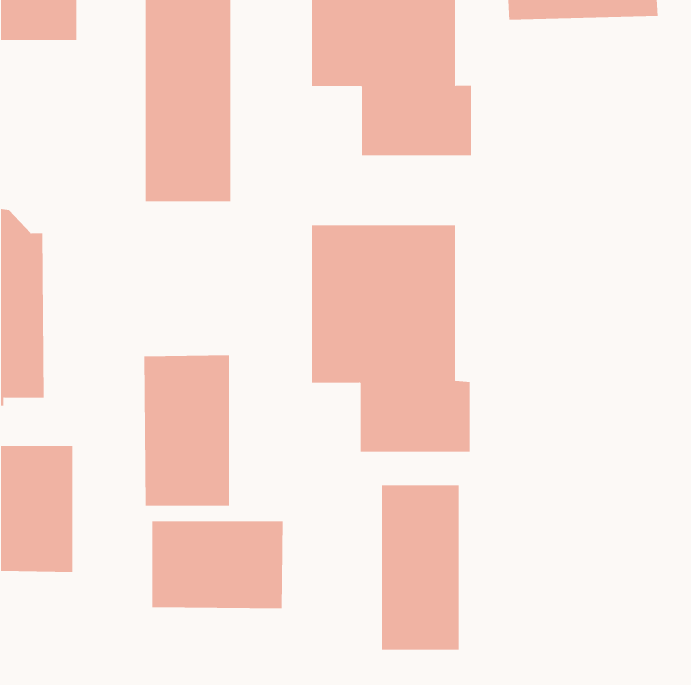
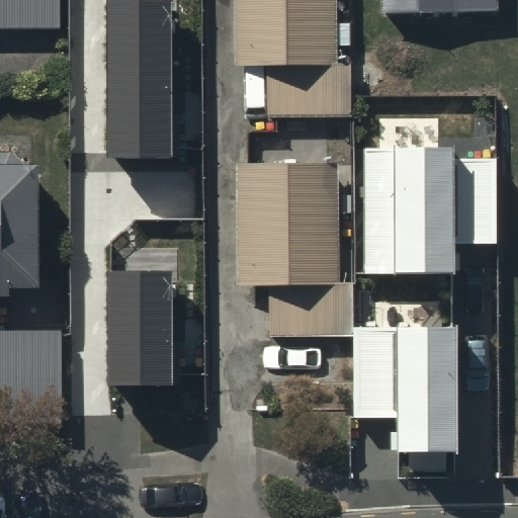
building: none -> [364,143,454,267]
building: [381,485,459,650] -> [398,323,456,446]
building: [152,520,283,609] -> none

